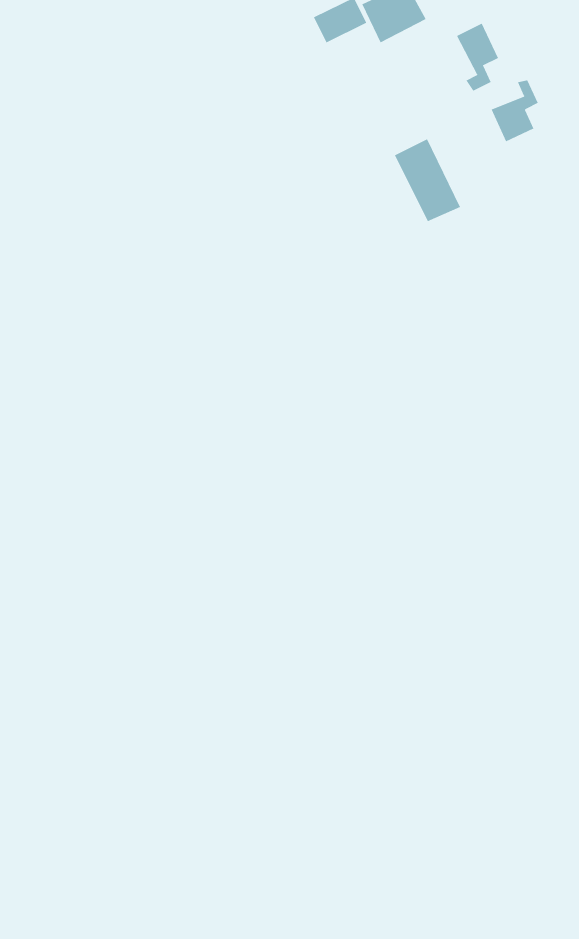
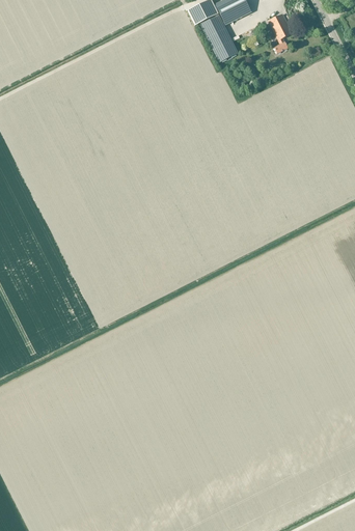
building: [491,80,538,142] -> none
building: [394,139,461,222] -> [201,15,239,61]

